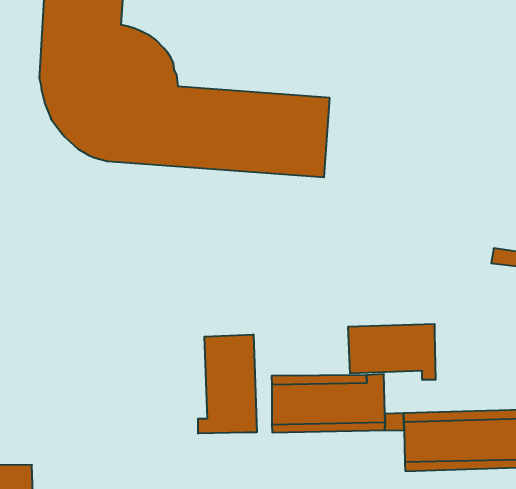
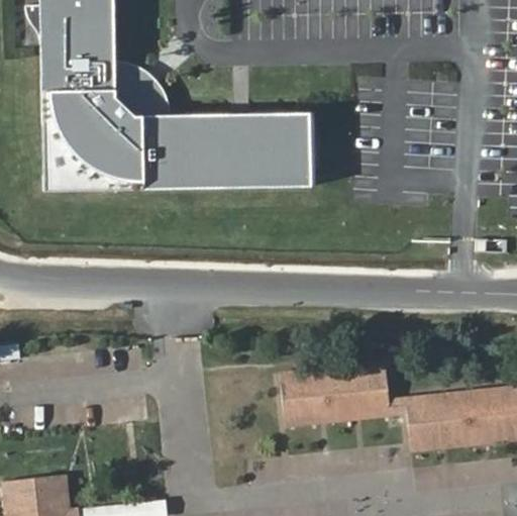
building: [348,324,436,380] -> none
building: [198,334,257,434] -> none

